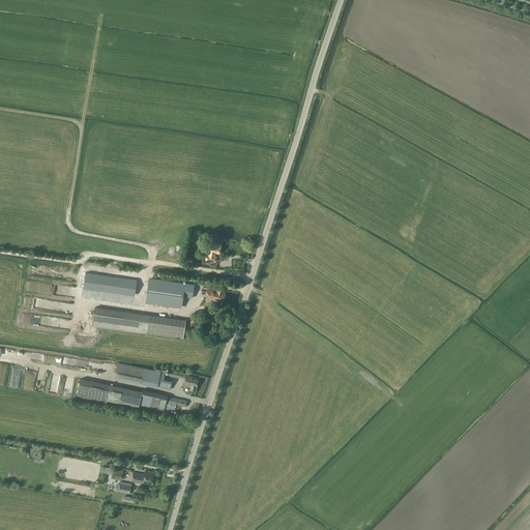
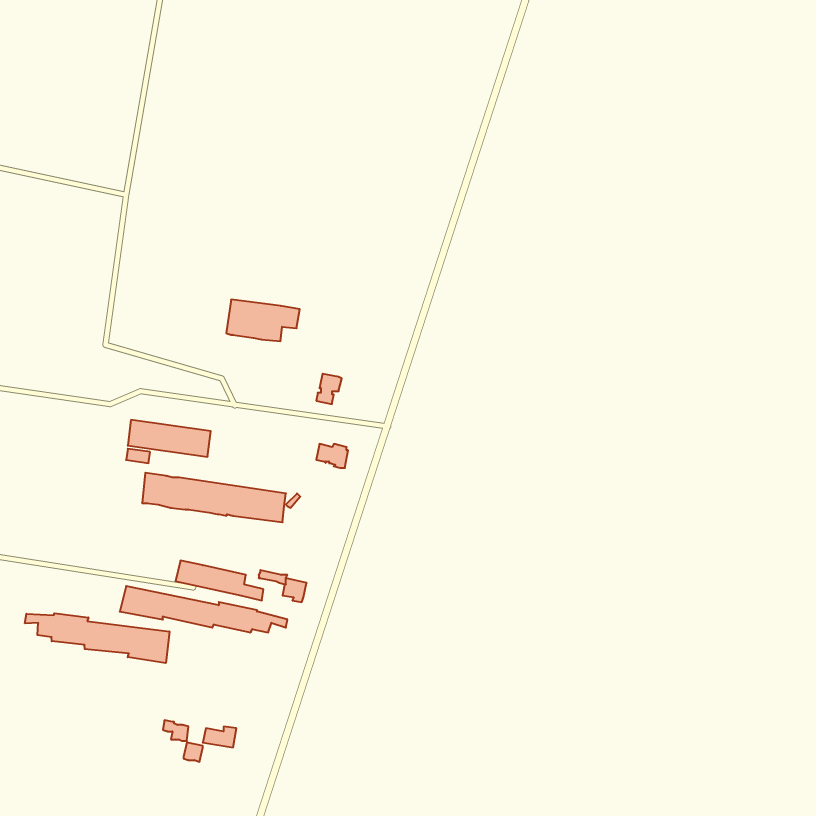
building: [146,279,194,306] -> [226,300,300,341]
building: none -> [25,613,169,663]

